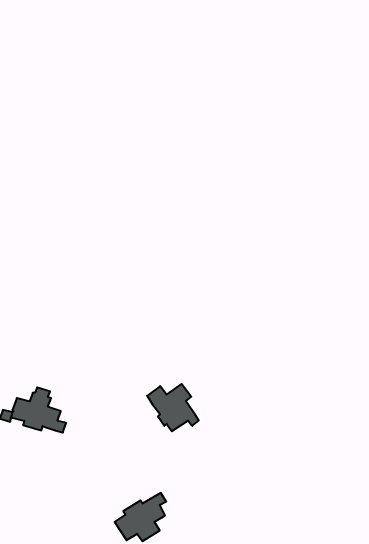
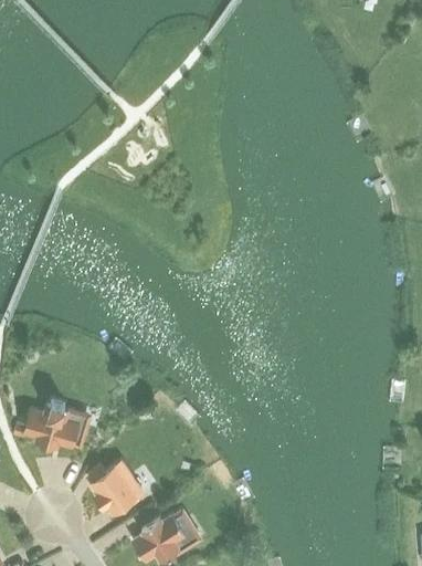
building: [147,384,199,431] -> [87,464,140,513]

